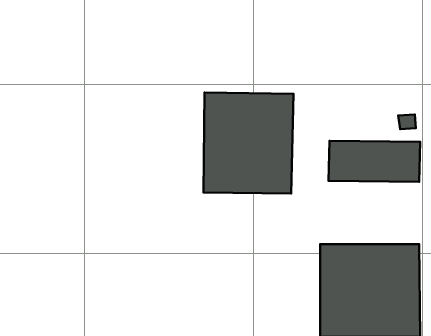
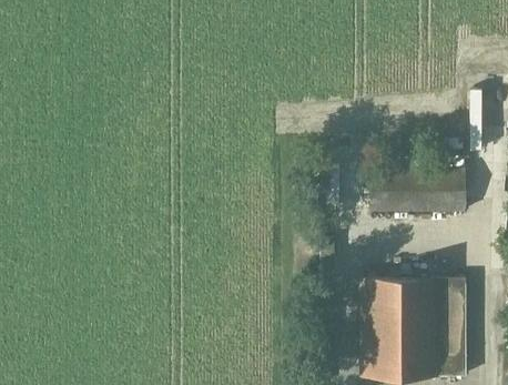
building: [203,93,293,193] -> none

